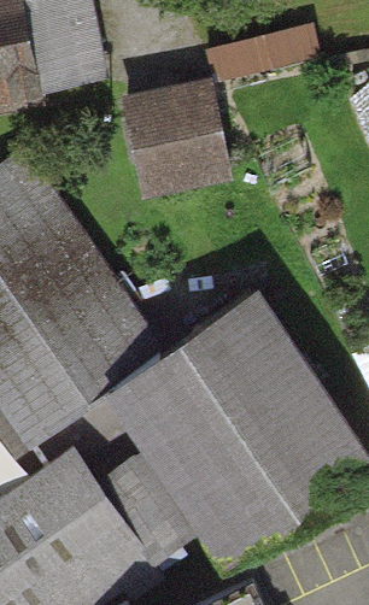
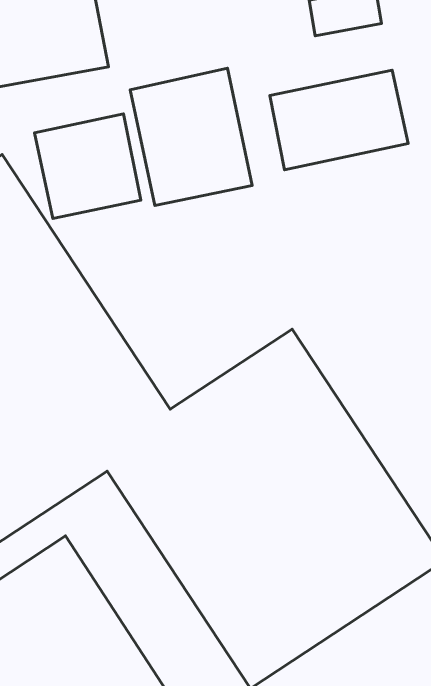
building: none -> [270,70,408,170]
building: none -> [35,114,141,218]

